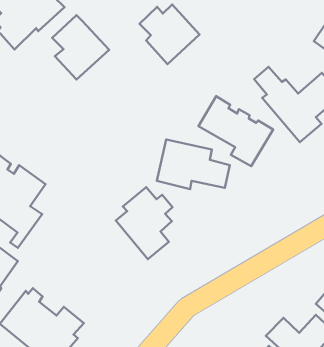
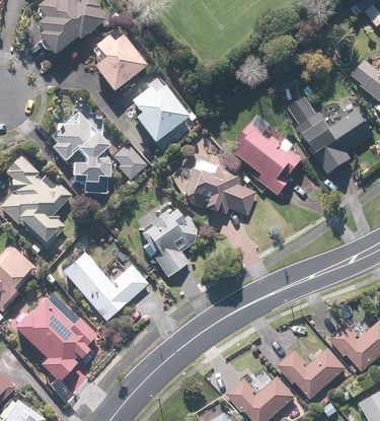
building: [139,5,199,64] -> [129,85,187,144]
building: none -> [45,110,109,194]
building: none -> [113,143,148,181]
building: none -> [63,253,151,323]

